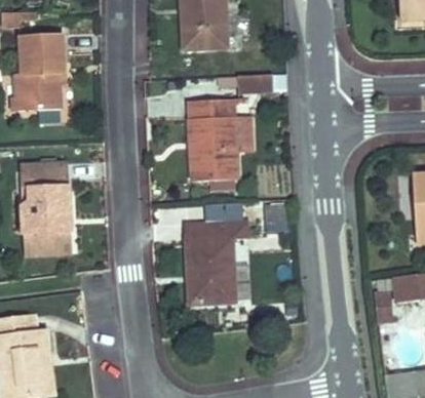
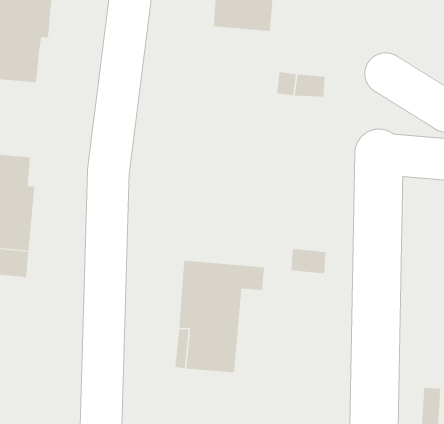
building: [189,99,253,182] -> none

